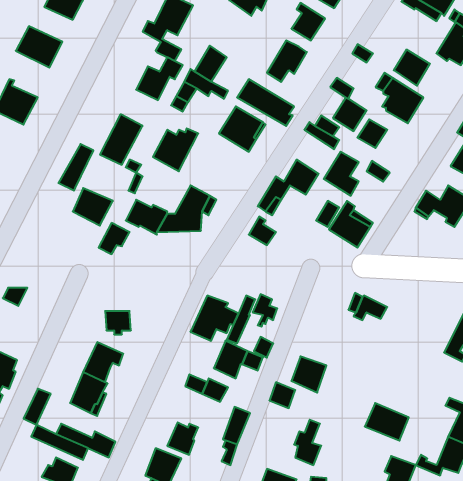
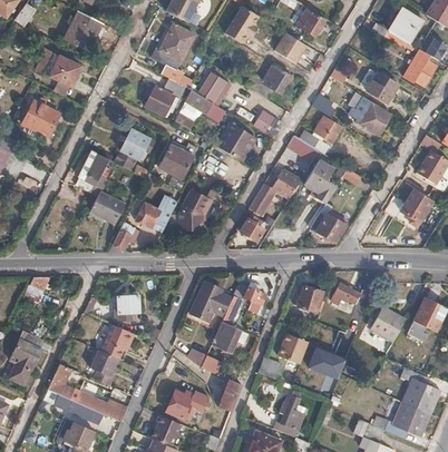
building: none -> [294,287,324,313]
building: none -> [373,307,409,342]
building: [365,403,409,441] -> [308,347,345,380]

